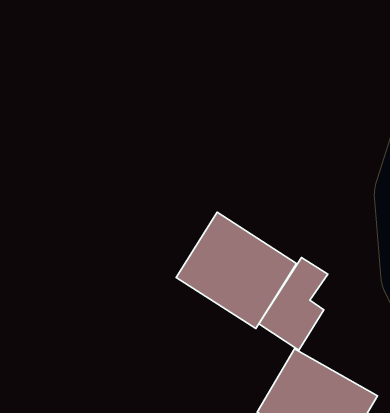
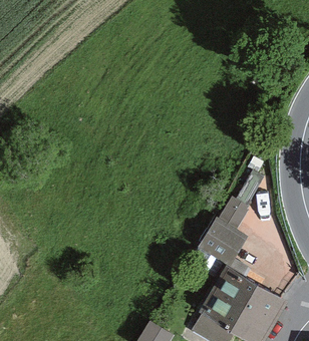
building: [176,212,296,329] -> none

